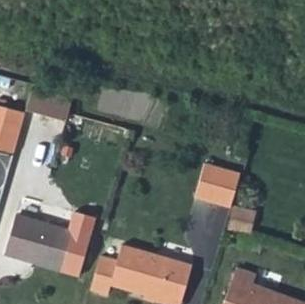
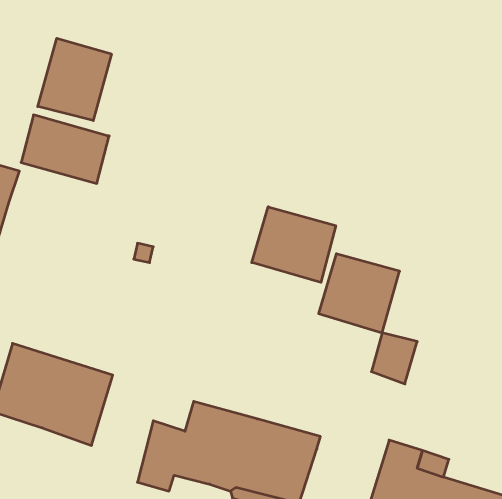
building: none -> [38,38,111,121]
building: none -> [252,207,336,282]

